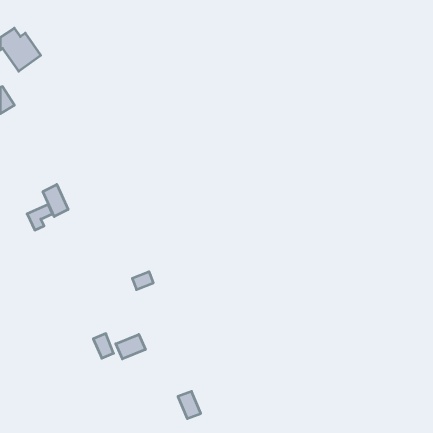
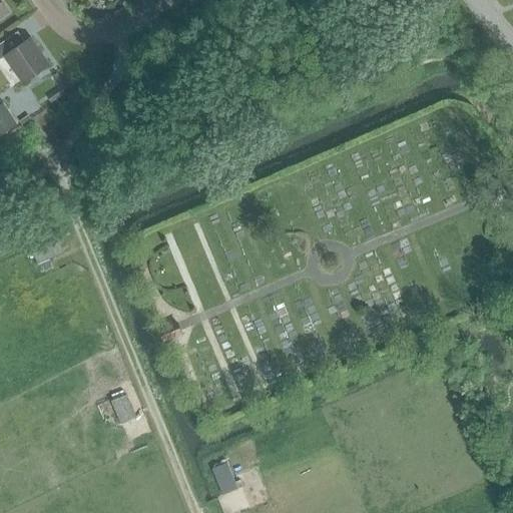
building: [43,184,68,217] -> none
building: [116,334,145,359] -> none

